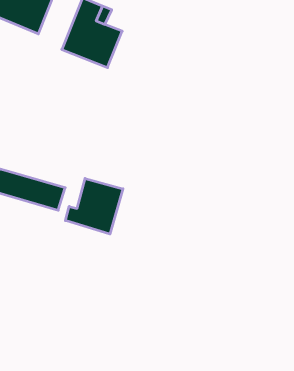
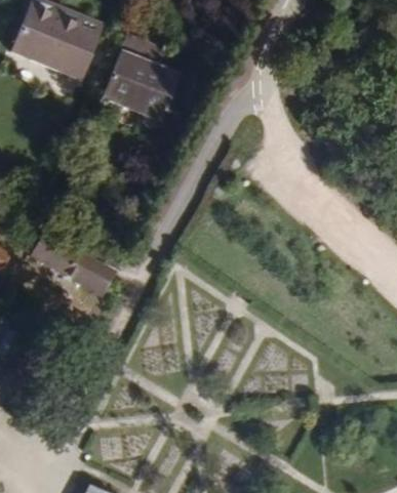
building: [65,178,123,234] -> none

